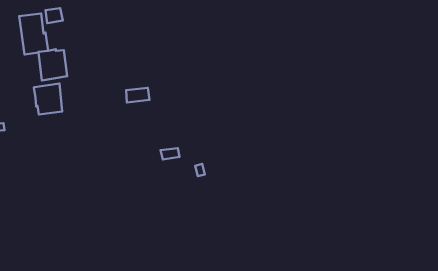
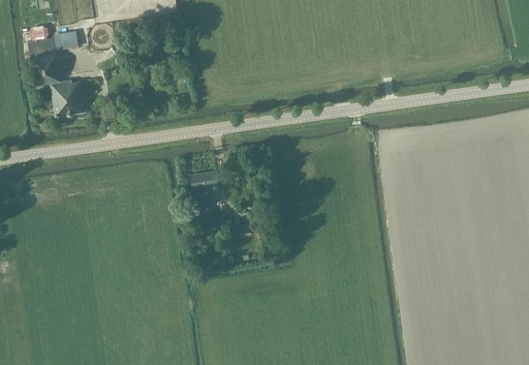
building: [34,84,62,114] -> none
building: [126,88,150,102] -> [192,171,220,188]

